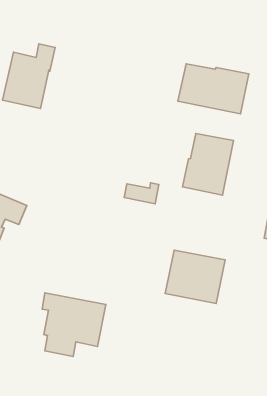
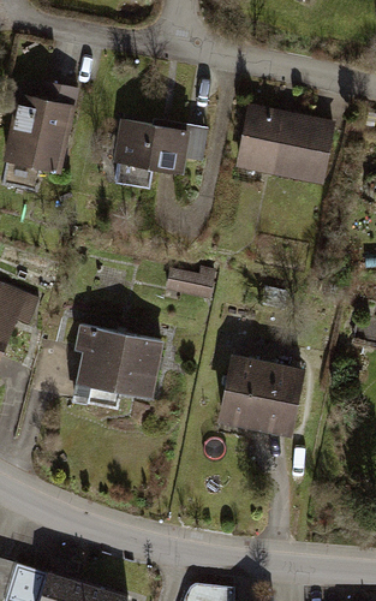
building: none -> [115,120,186,188]
building: [182,134,233,195] -> none
building: [42,293,106,356] -> [77,325,161,409]

